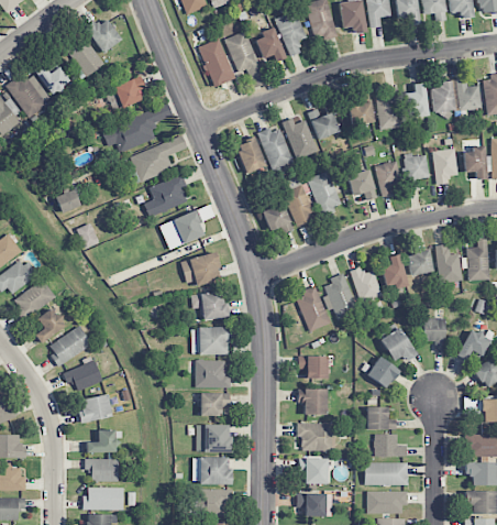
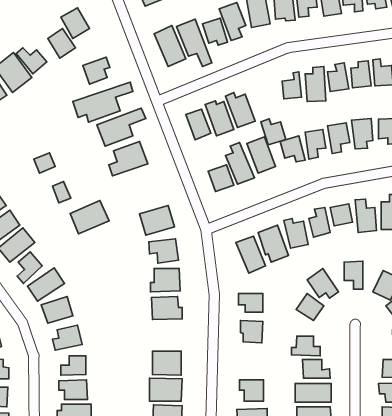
building: [309,109,339,140] -> [261,119,286,145]
building: [159,210,206,250] -> [70,200,109,234]
building: [200,393,229,416] -> none
building: [297,424,334,451] -> none

